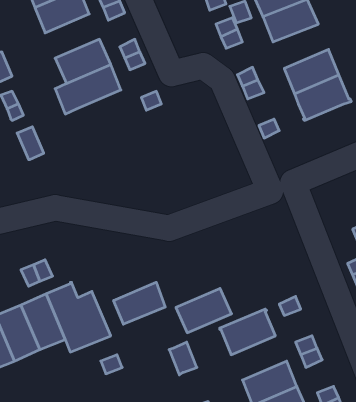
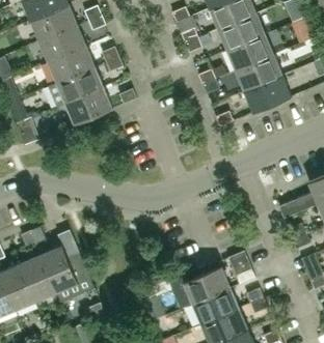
building: none -> [39,25,84,61]
building: none -> [226,33,272,69]
building: none -> [65,87,112,124]
building: [114,282,165,324] -> none
building: [176,288,232,333] -> [192,288,238,324]

